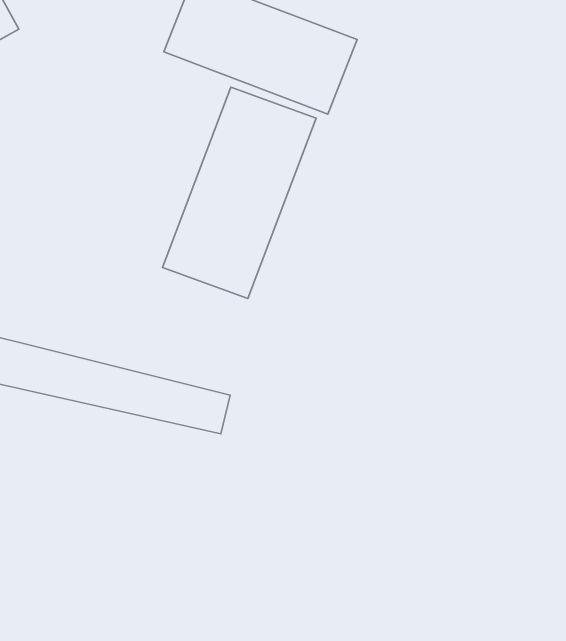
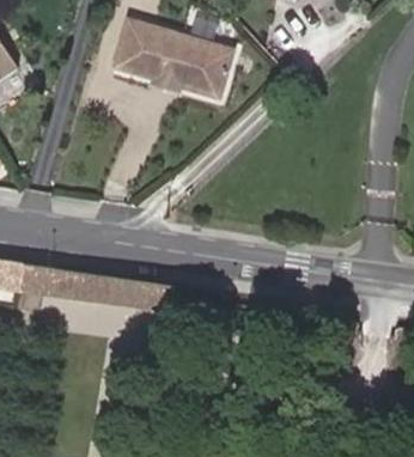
building: [163,87,316,298] -> none

